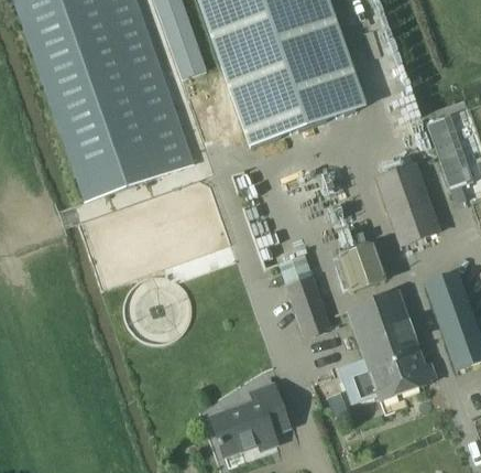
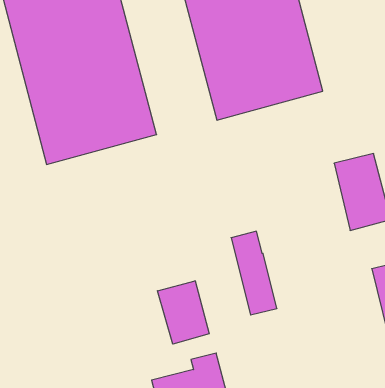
building: [340,245,384,289] -> none
building: [343,290,429,401] -> none
building: none -> [157,281,209,344]

